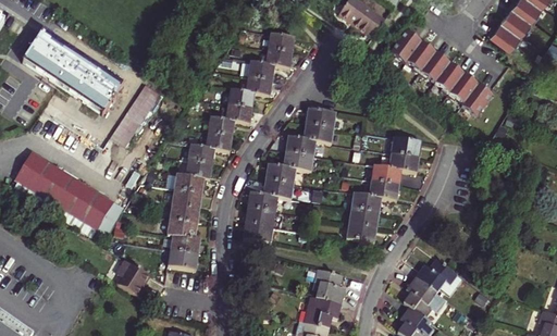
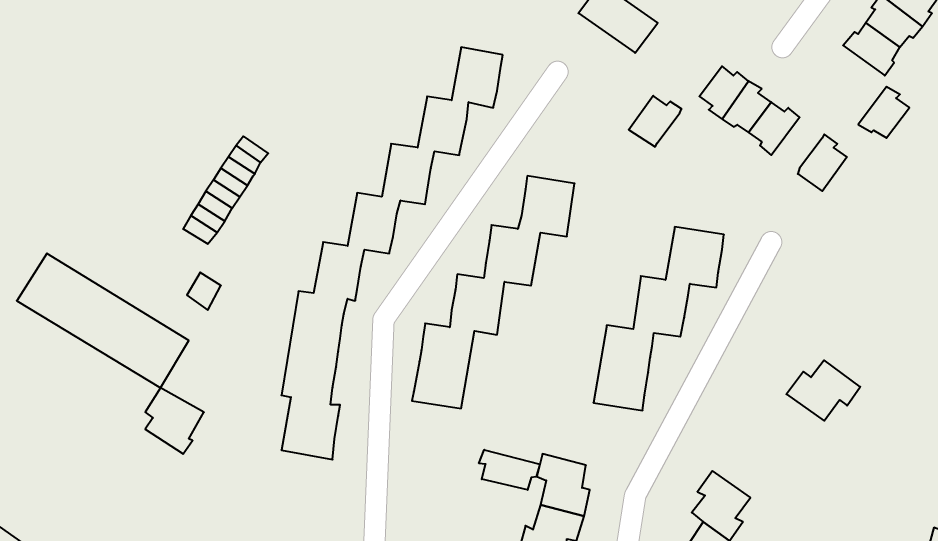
building: [23,32,122,112] -> none
building: [391,35,421,64] -> [629,96,682,147]
building: [448,74,478,103] -> [858,87,909,138]
building: [414,258,457,293] -> [786,360,860,421]
building: [115,259,149,297] -> [145,388,204,454]
building: none -> [479,450,540,490]

